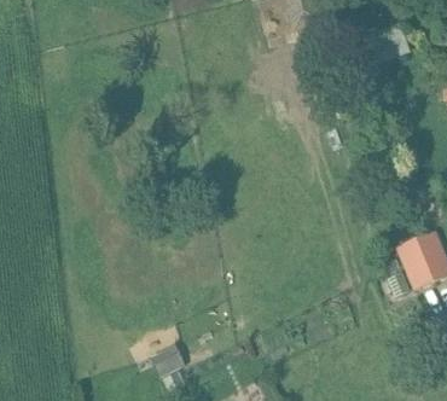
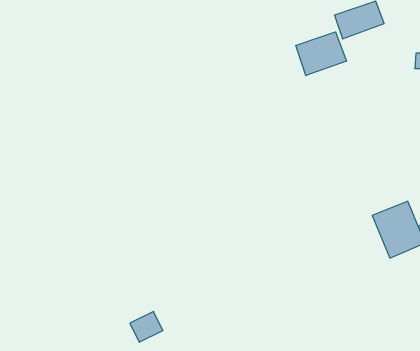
building: none -> [296,32,346,76]

